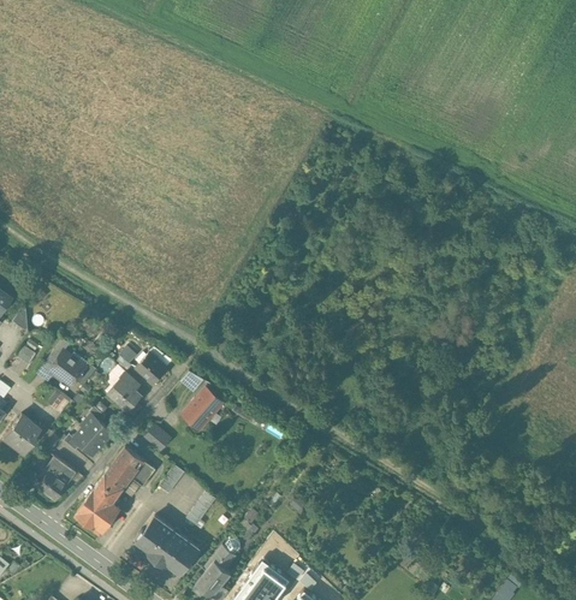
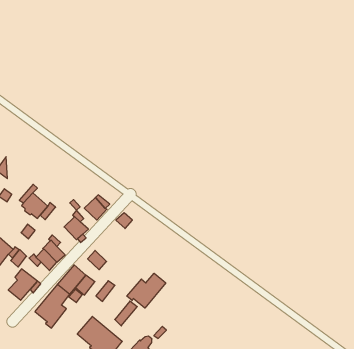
building: [182,390,221,427] -> none
building: none -> [127,273,166,308]

